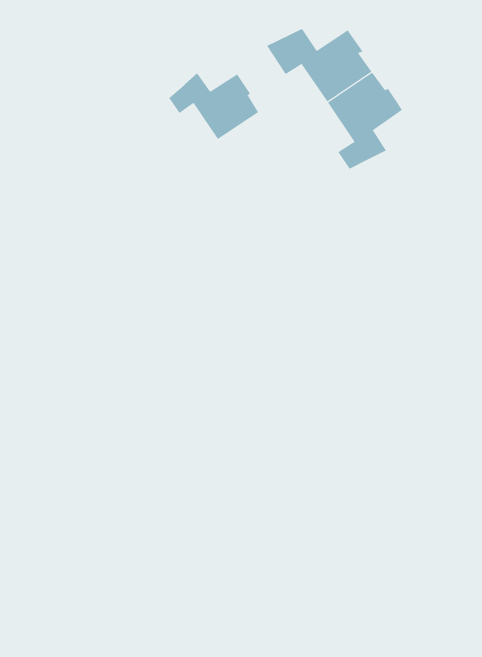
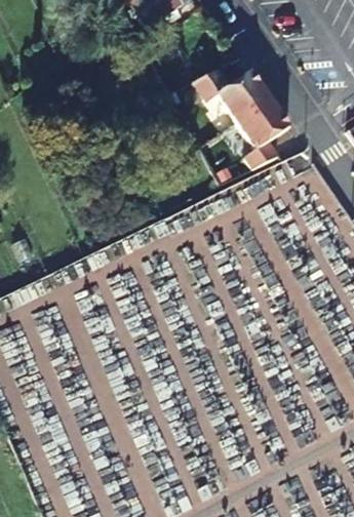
building: [169,73,259,140] -> none

